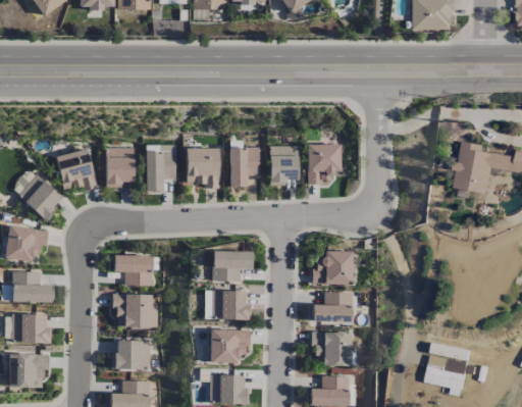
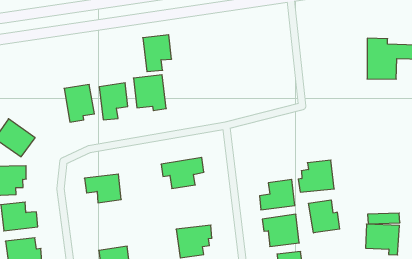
building: [307,144,341,185] -> none
building: [269,146,299,186] -> none
building: [228,147,260,188] -> [143,35,172,72]
building: [56,149,96,193] -> none
building: [312,251,353,286] -> [298,160,334,192]
building: [212,291,251,320] -> none
building: [114,294,158,328] -> none
building: none -> [309,200,340,233]

